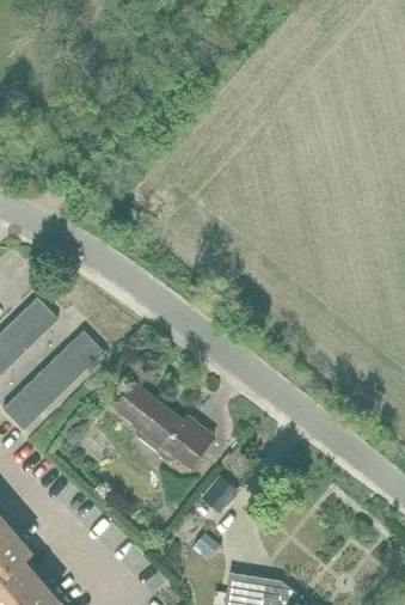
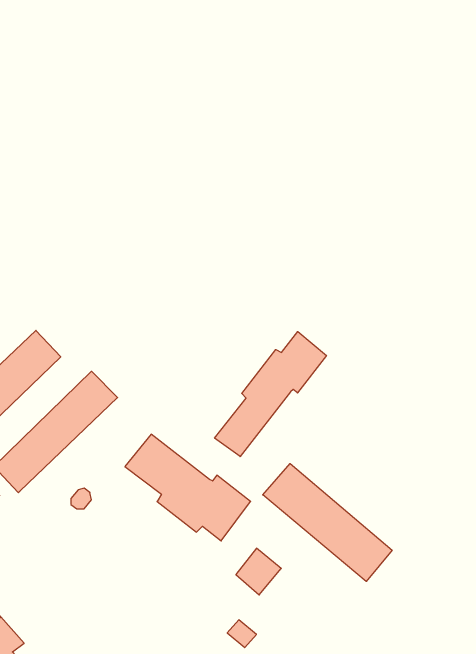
building: none -> [215,332,326,457]
building: none -> [263,464,392,581]

